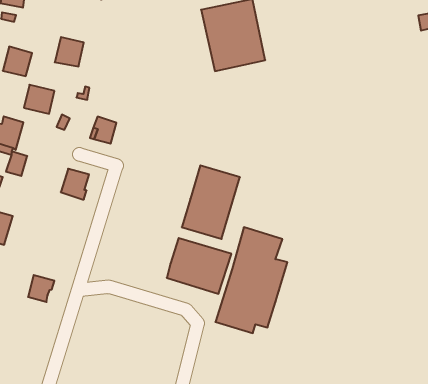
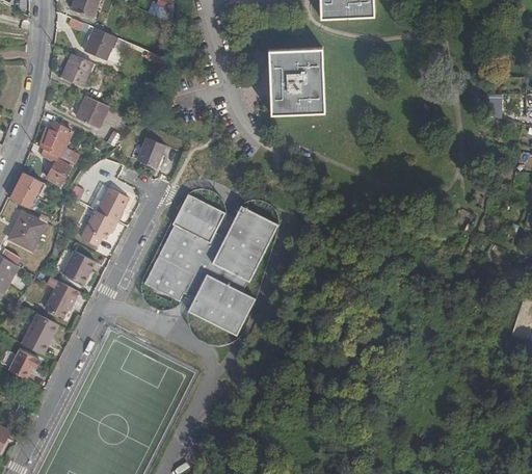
building: [55,37,84,66] -> [83,28,115,60]
building: none -> [82,208,117,243]
building: [215,227,287,333] -> [142,194,224,301]
building: none -> [63,249,97,282]
building: none -> [21,313,57,353]
building: none -> [10,351,39,378]

